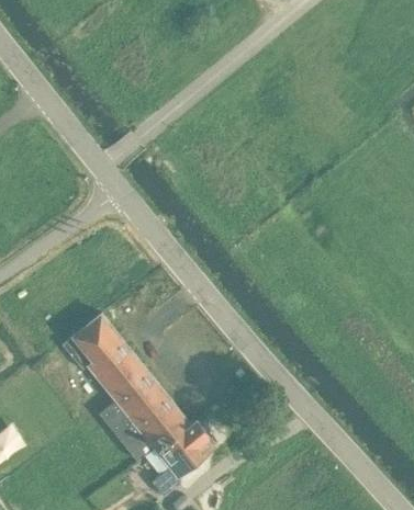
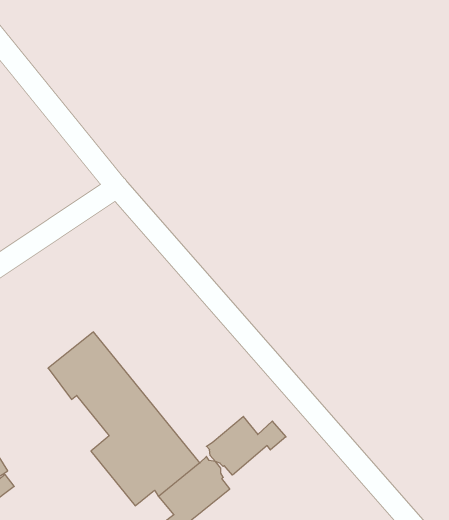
building: none -> [206,416,286,475]

